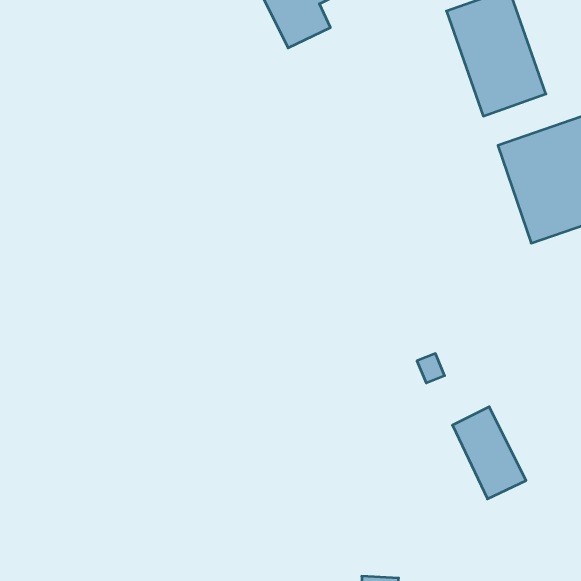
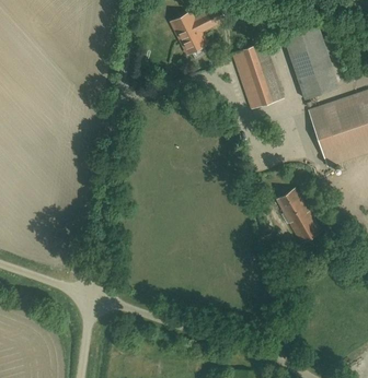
building: none -> [230,39,281,105]
building: [452,407,526,499] -> [274,184,318,238]

